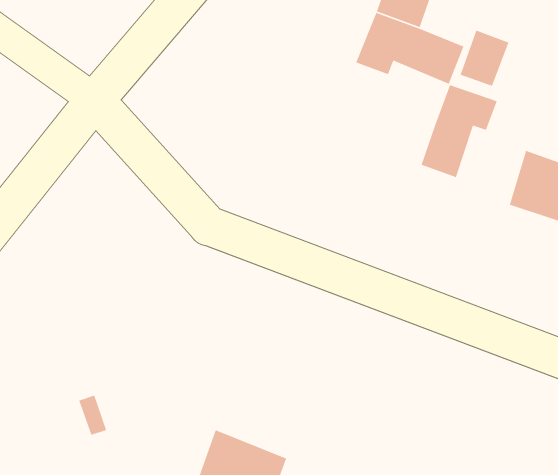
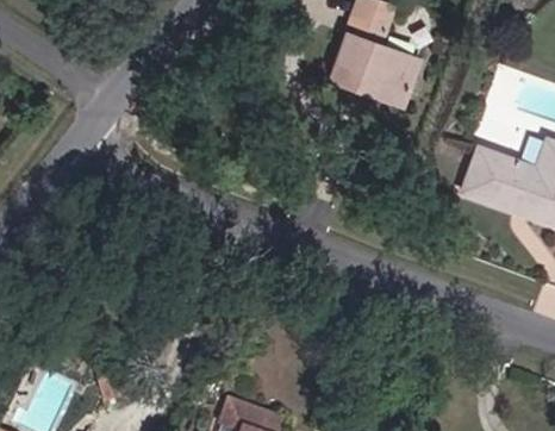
building: [460,30,509,87] -> none
building: [420,84,498,178] -> none

